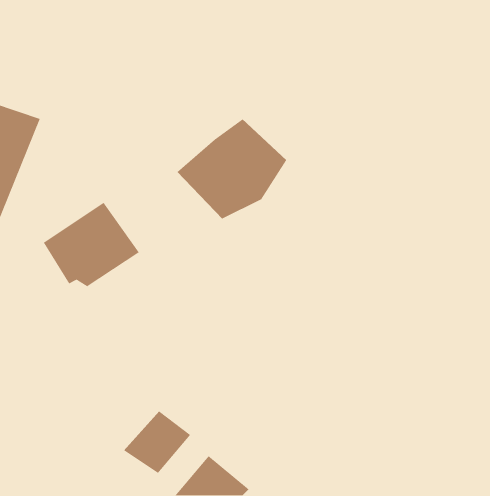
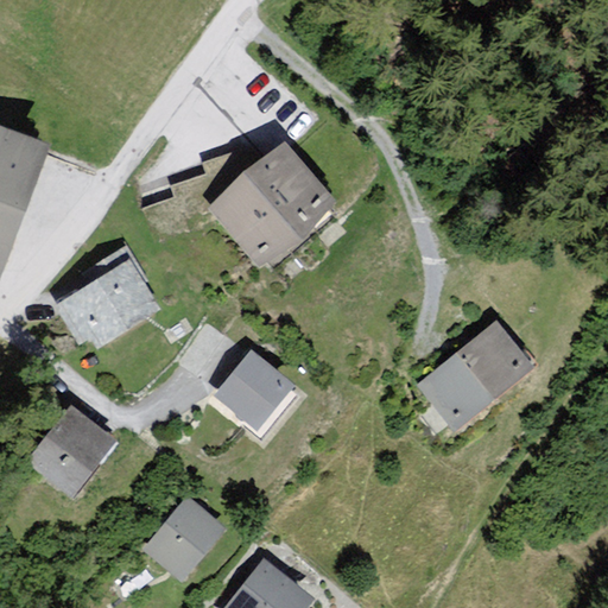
building: none -> [407,317,530,436]
building: none -> [207,347,291,431]
building: none -> [23,406,108,494]

